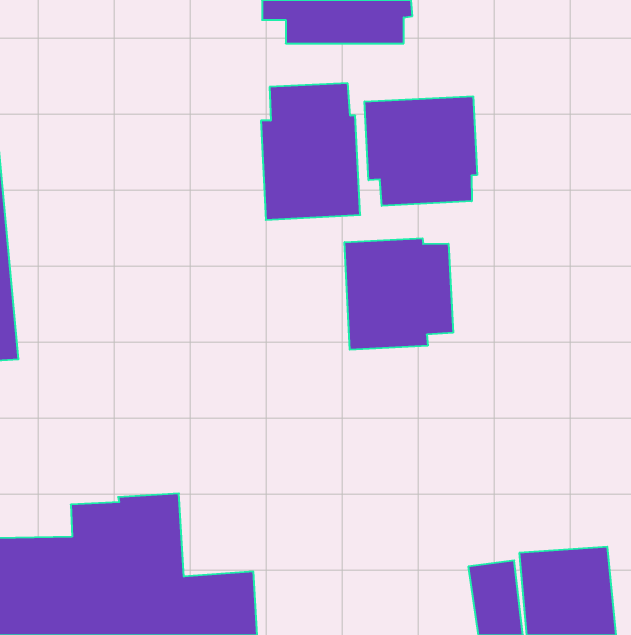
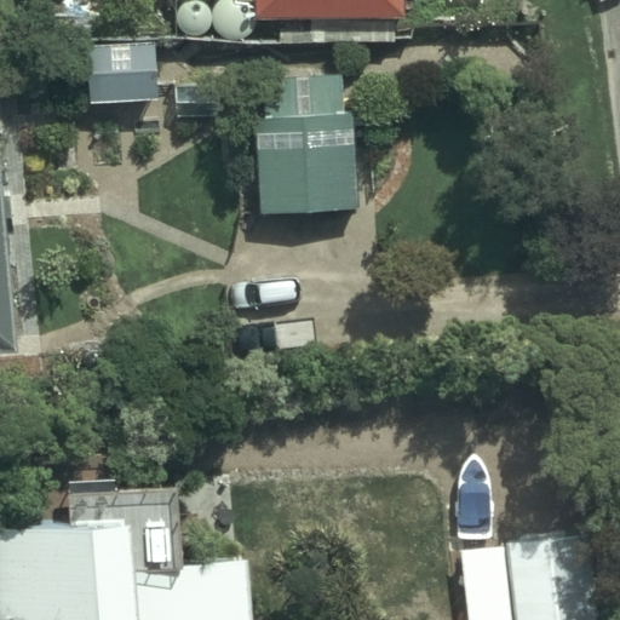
building: [365,96,477,206] -> none
building: [345,238,453,350] -> none

